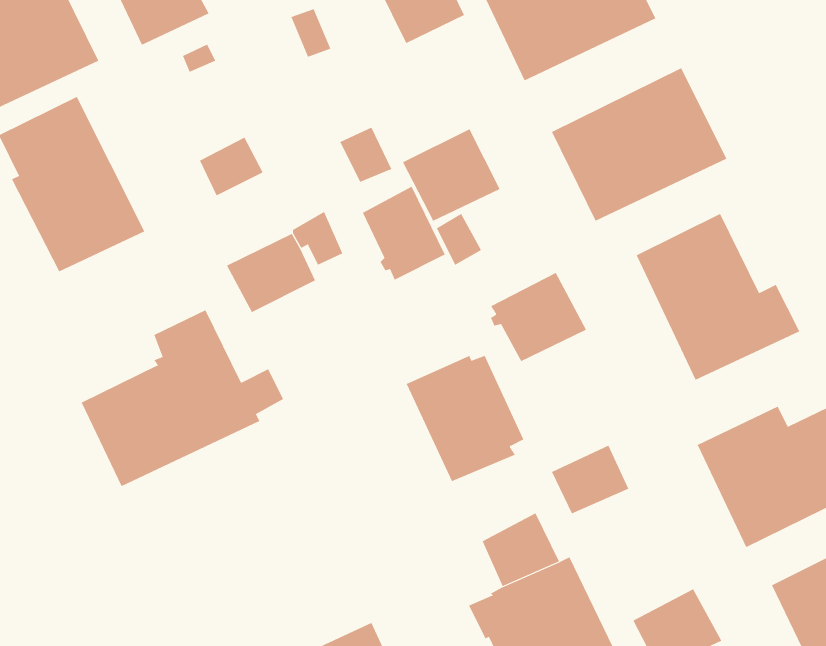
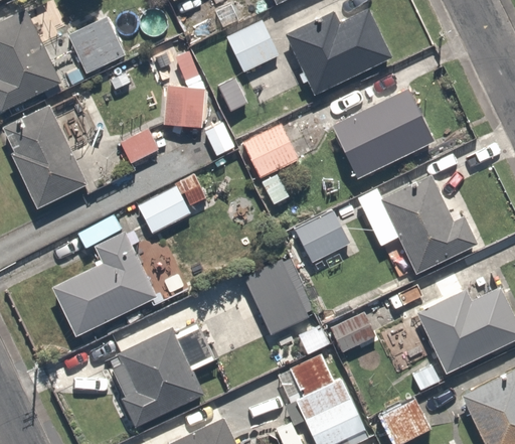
building: none -> [162,85,205,127]
building: [362,186,446,280] -> none
building: none -> [110,321,214,426]

